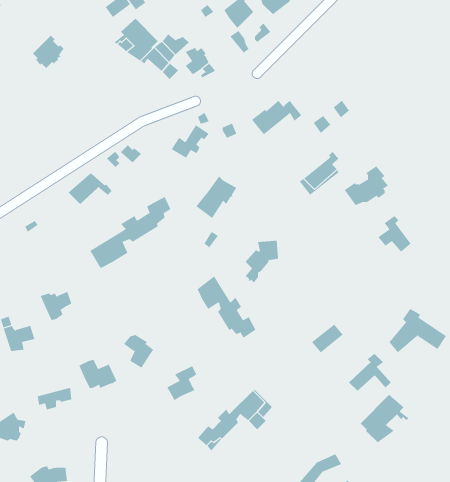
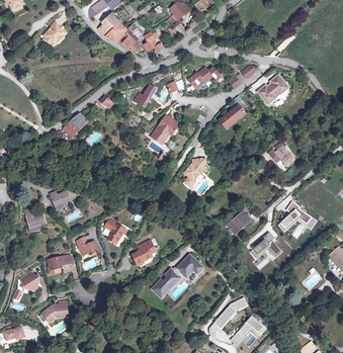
building: [344,165,389,207] -> [256,75,285,102]
building: [90,196,171,269] -> none
building: [197,276,256,338] -> none
building: [360,394,410,443] -> none

